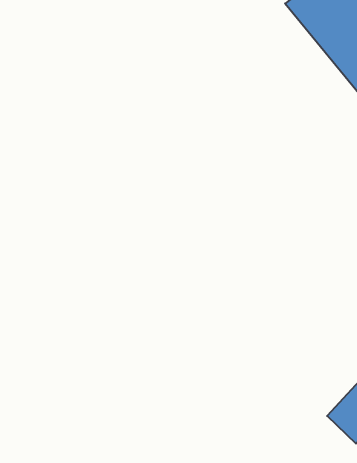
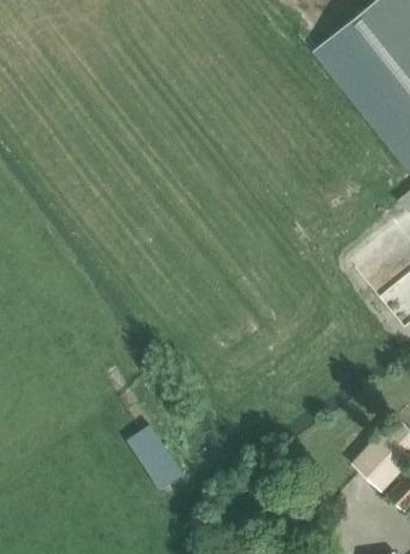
building: none -> [129,421,187,489]

